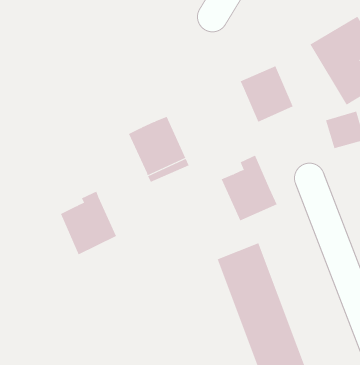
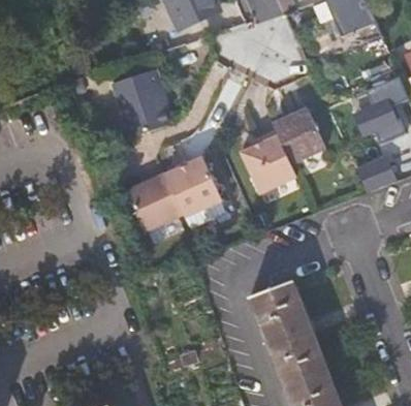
building: none -> [112,69,167,136]
building: [221,155,278,221] -> [243,130,298,195]
building: [60,191,117,255] -> [126,168,182,231]

